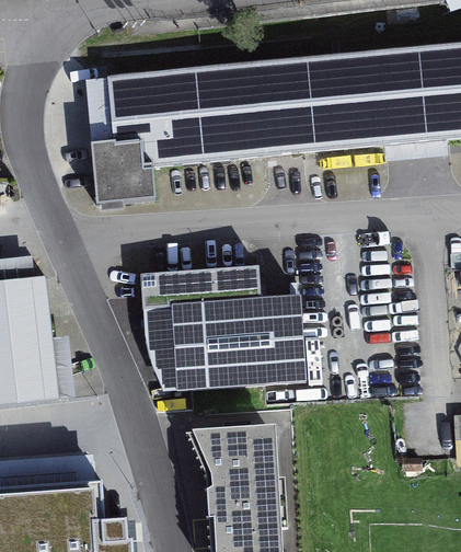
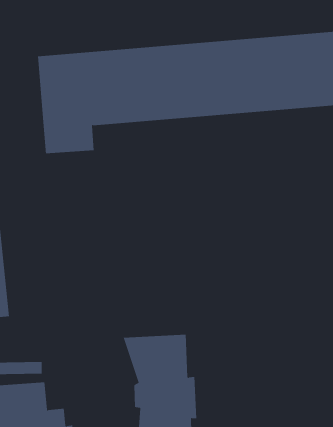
building: [140,264,307,392] -> none

